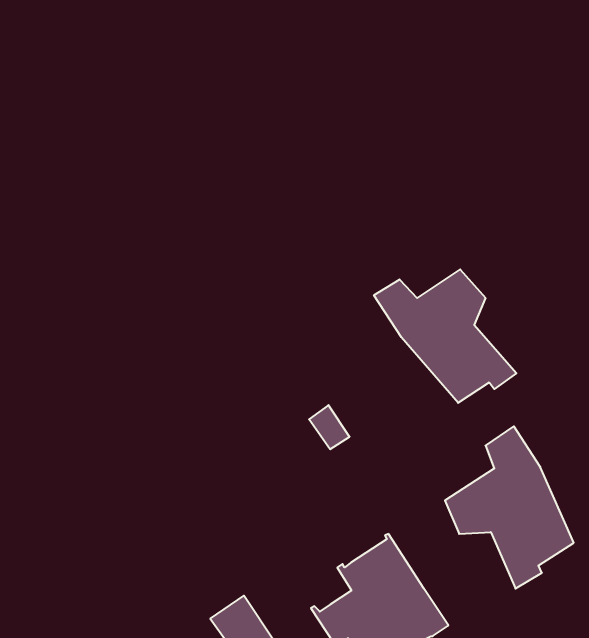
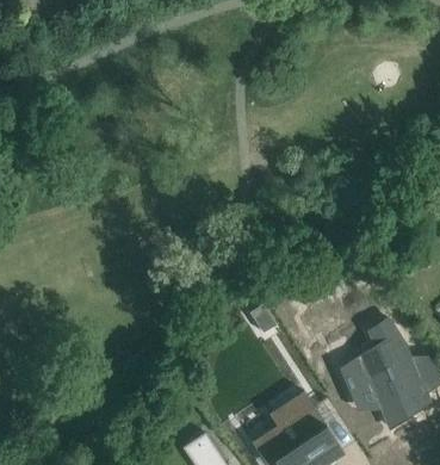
building: [374,269,516,403] -> none

